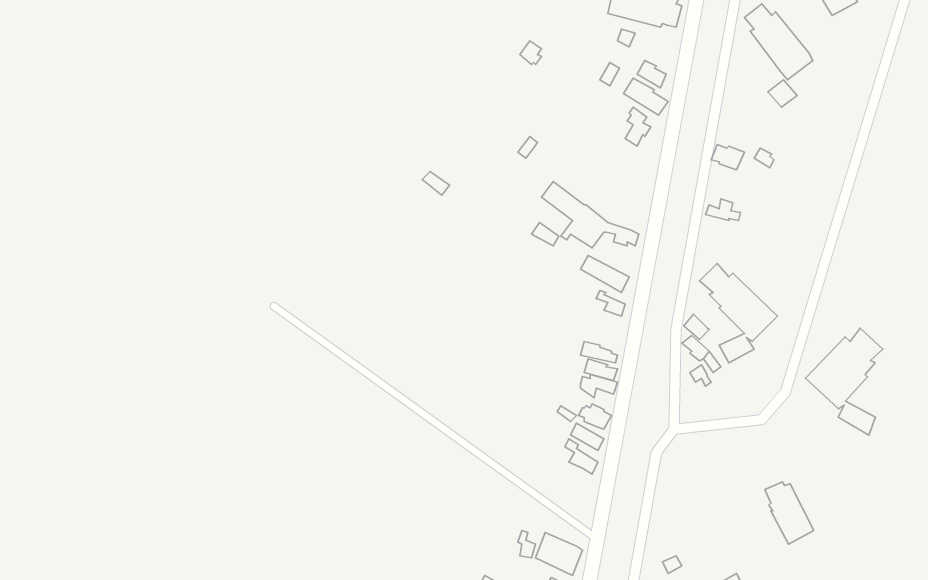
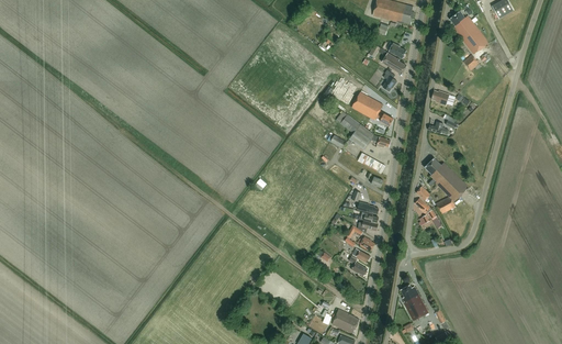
building: none -> [351,91,394,125]
building: [806,328,883,435] -> none
building: [765,482,814,544] -> [401,285,428,320]

